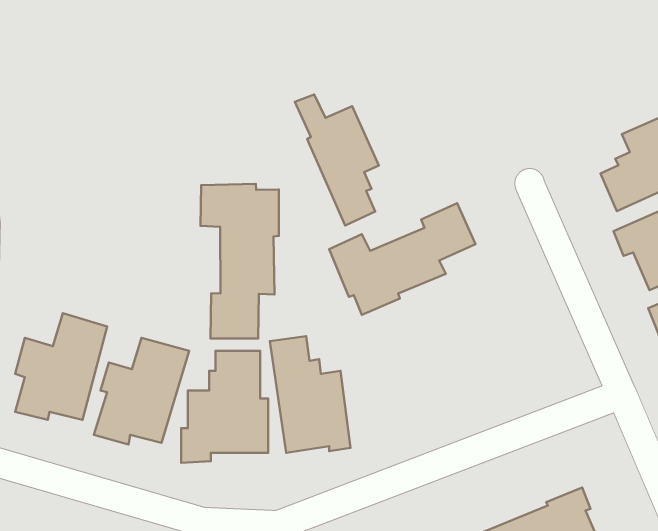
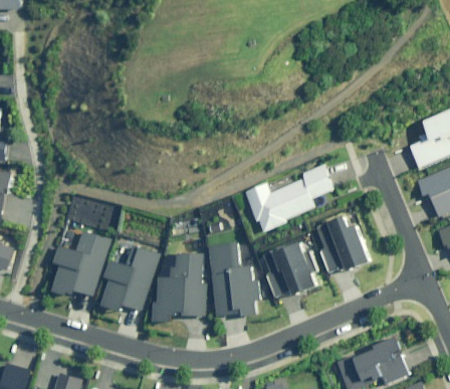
building: [295,94,379,226] -> none
building: [201,184,279,339] -> none
building: none -> [314,212,370,272]
building: none -> [265,243,317,299]

